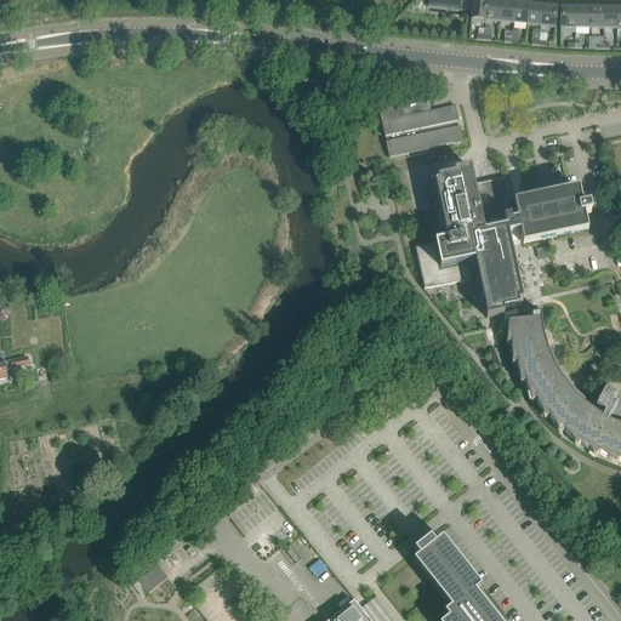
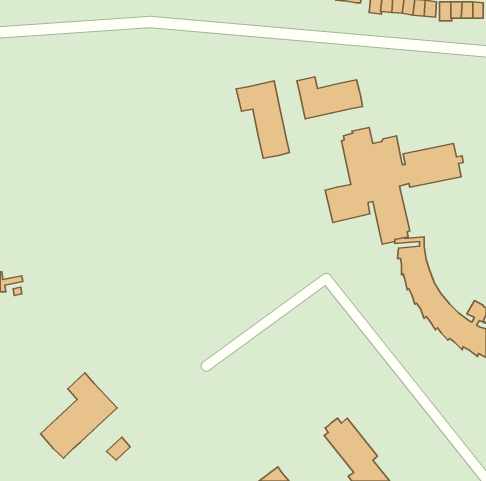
building: none -> [236,81,290,158]
building: none -> [40,373,117,458]

